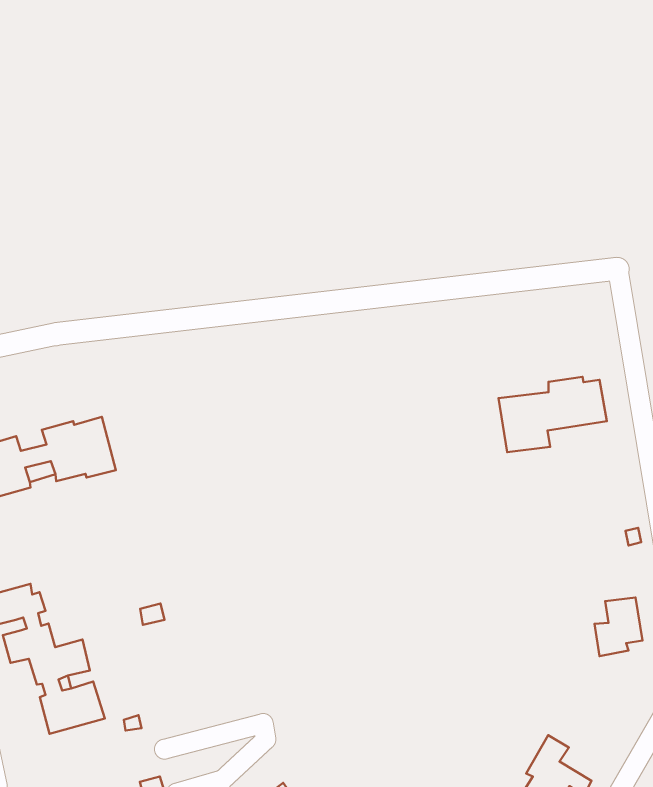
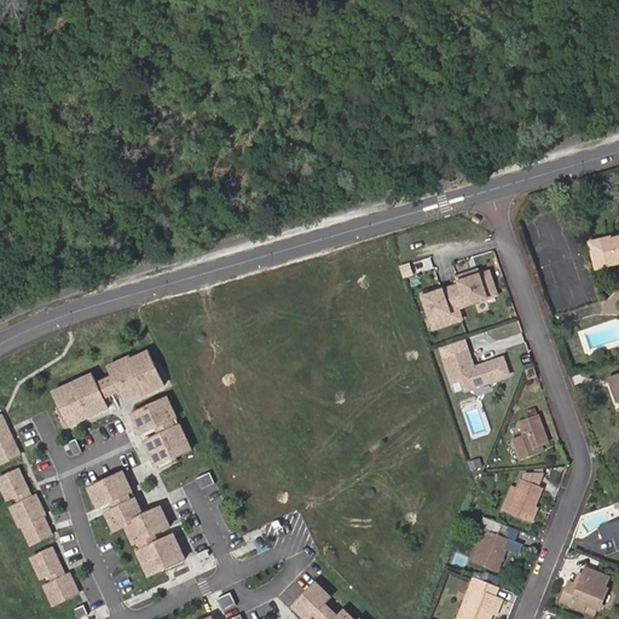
building: none -> [131,398,190,467]
building: none -> [442,351,507,391]
building: none -> [507,470,544,520]

